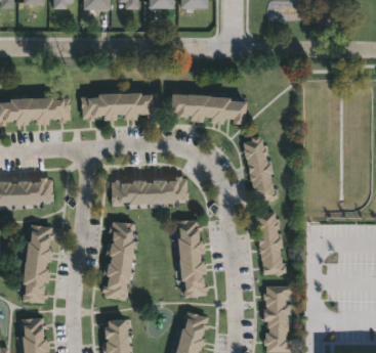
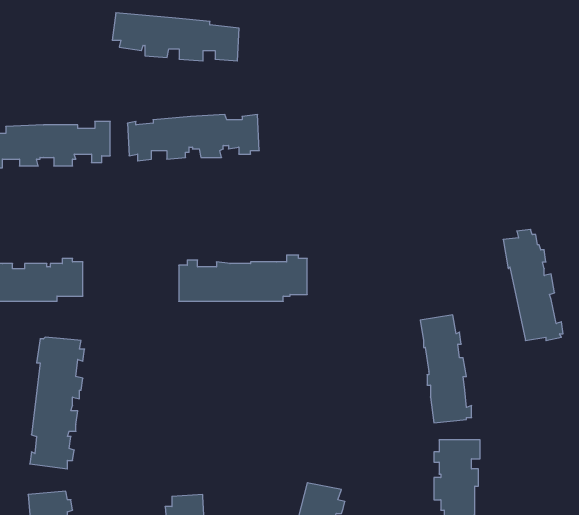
building: [170,93,246,122] -> [112,13,239,61]
building: [243,136,279,203] -> [503,229,563,341]
building: [175,219,208,299] -> none
building: [100,221,133,300] -> none

